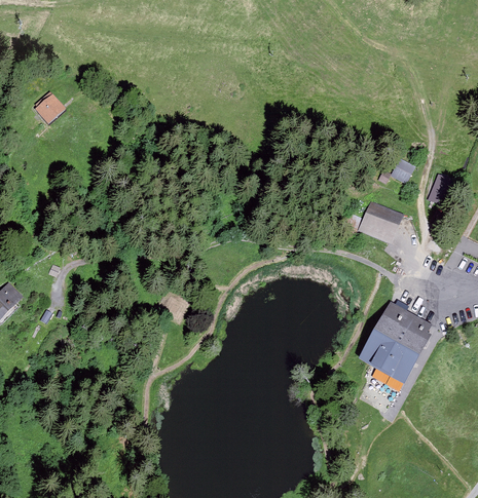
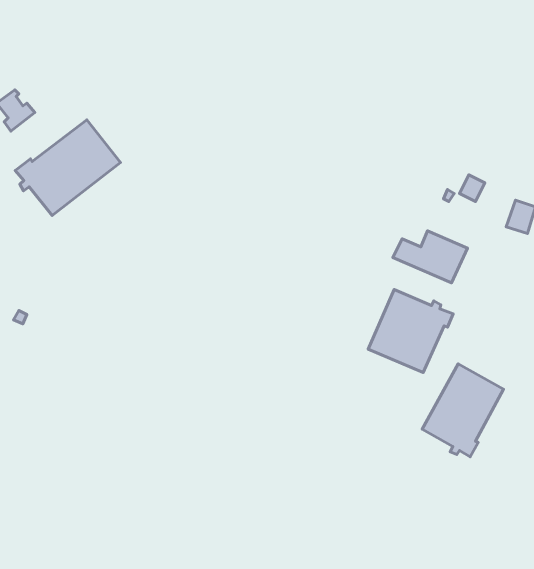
building: none -> [15,120,120,216]
building: none -> [368,290,453,373]

